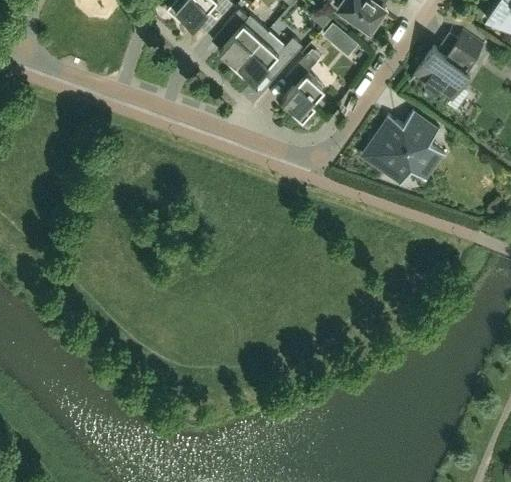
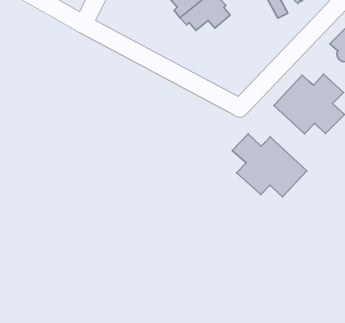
building: [281,54,324,125] -> none
building: none -> [232,134,307,197]

